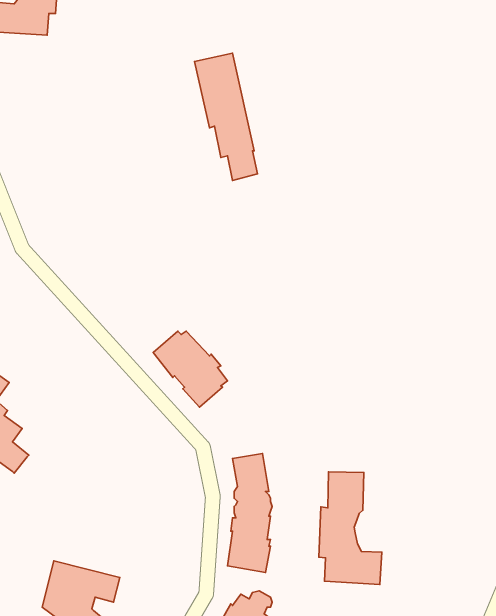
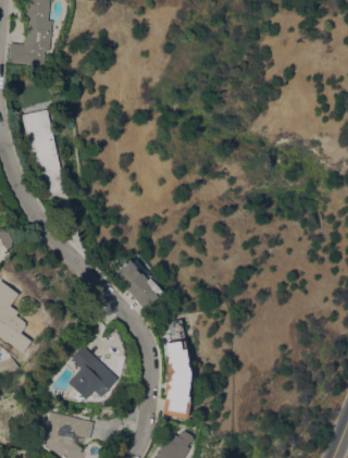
building: [194,53,257,181] -> [22,110,63,194]
building: none -> [69,346,115,403]
building: [319,472,382,584] -> none

